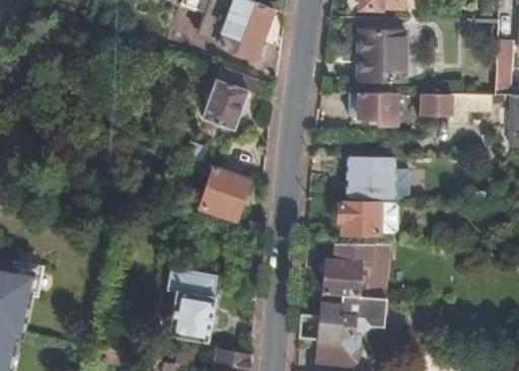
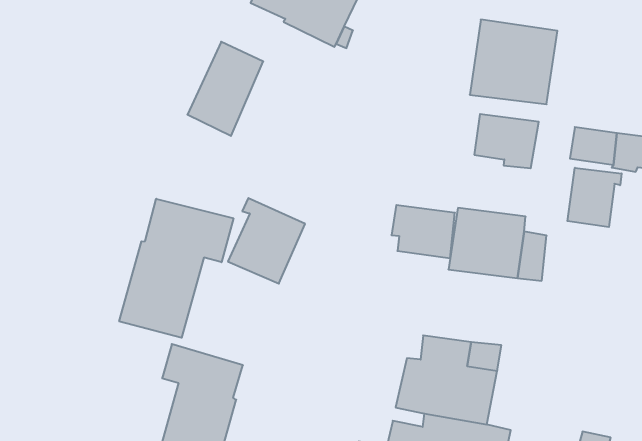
building: [203,67,249,129] -> [187,42,263,136]
building: none -> [567,168,622,227]
building: none -> [119,199,233,338]
building: [340,203,380,234] -> [391,205,455,258]

